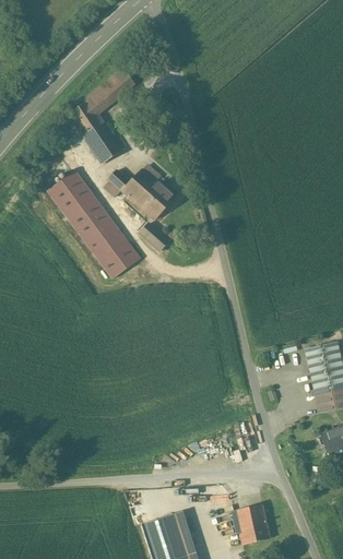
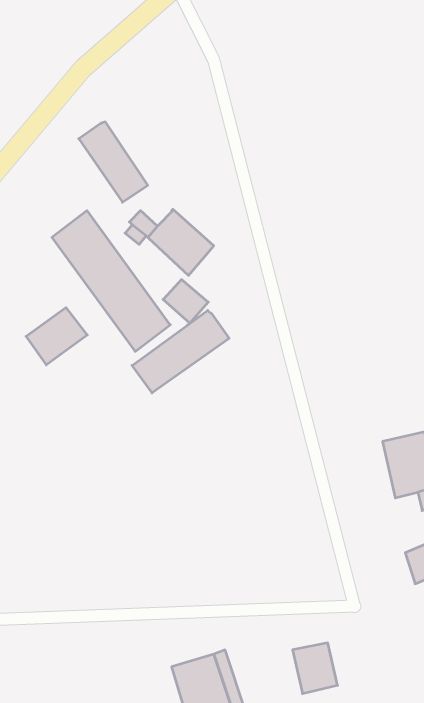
building: [84,69,134,115] -> none
building: none -> [26,308,87,365]
building: none -> [132,310,229,393]

